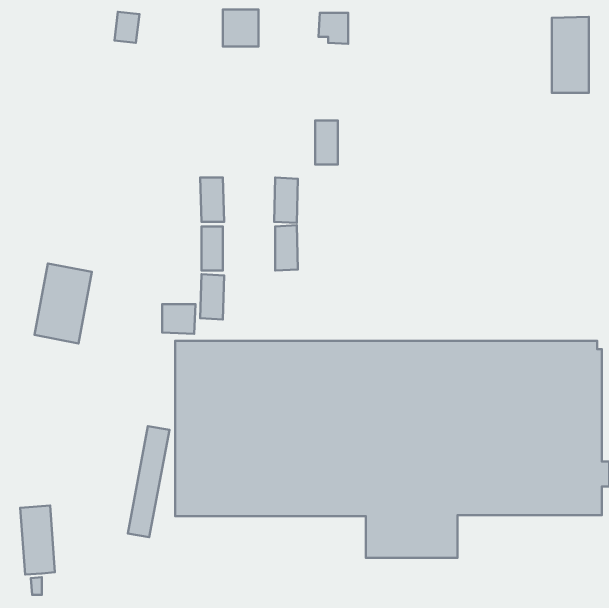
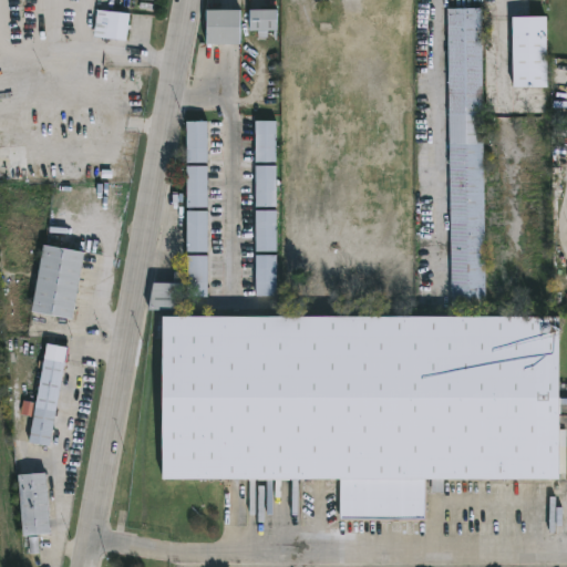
building: none -> [447,8,485,306]
building: [319,13,348,44] -> [249,9,277,38]
building: [315,121,338,165] -> [255,121,276,162]
building: none -> [186,121,208,162]
building: none -> [256,255,277,296]
building: [128,426,169,537] -> [29,343,68,446]

